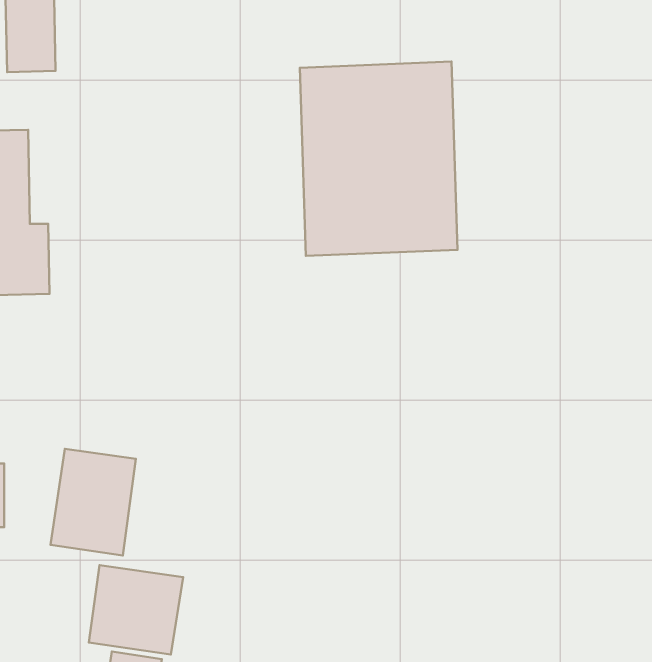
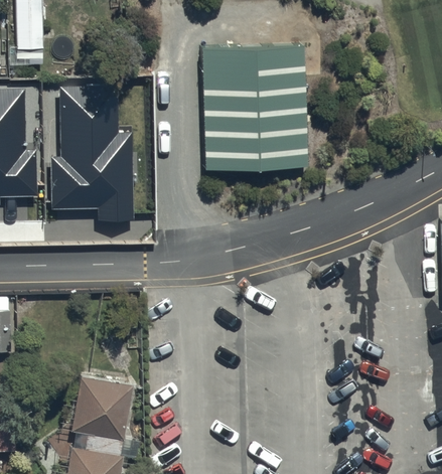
building: none -> [51,85,134,222]
building: [50,449,136,555] -> none

